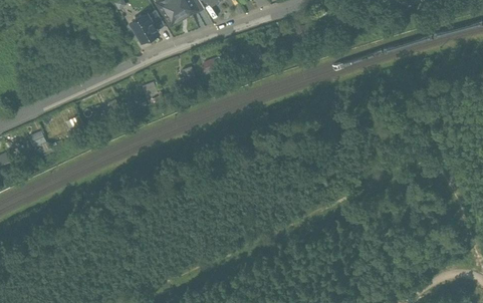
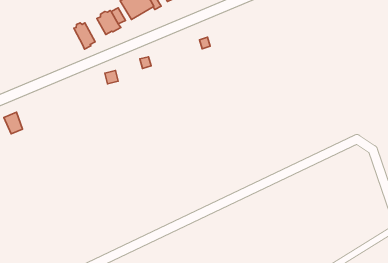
building: none -> [74,23,95,49]

